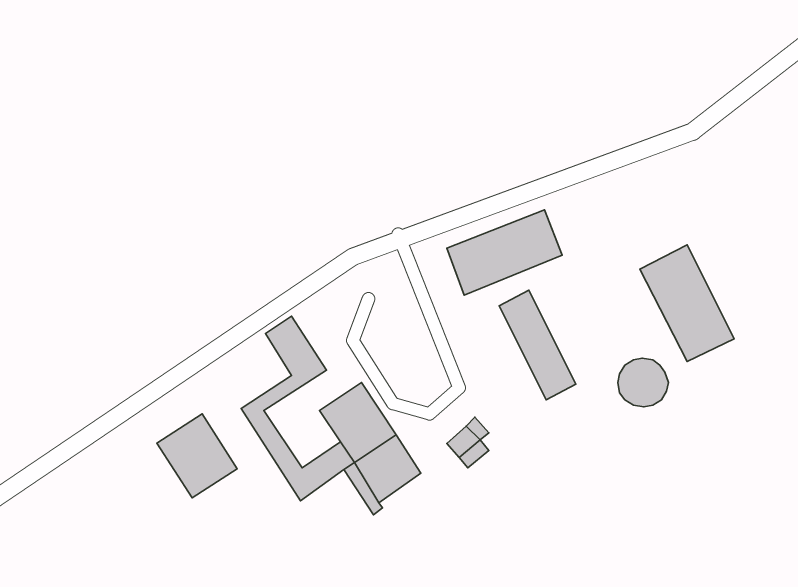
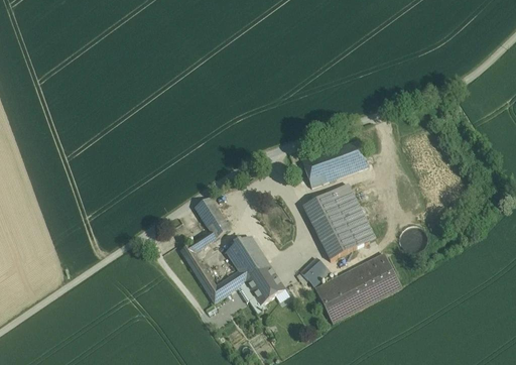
building: [640,245,734,362] -> [303,192,358,259]
building: none -> [315,252,402,322]
building: [157,414,237,498] -> none

